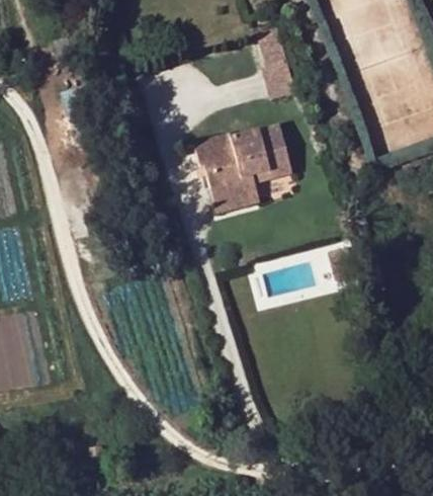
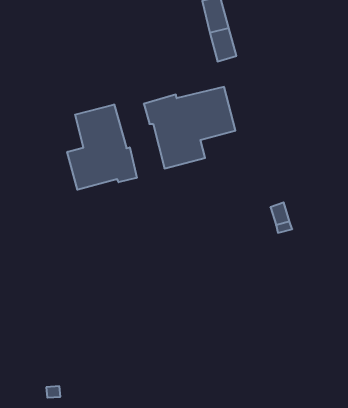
building: none -> [67,104,137,190]

